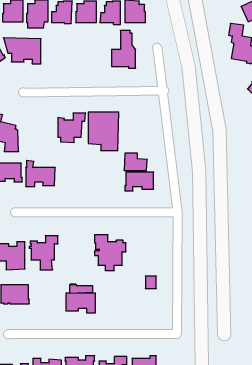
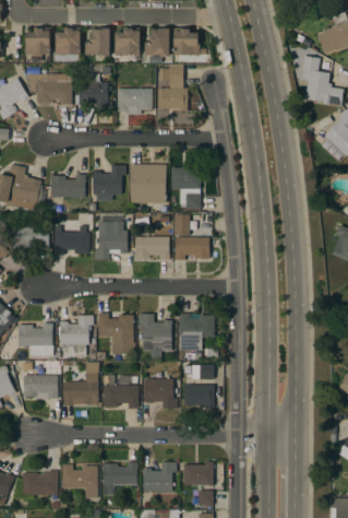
building: none -> [74,82,111,111]
building: none -> [117,89,152,115]
building: none -> [171,167,201,209]
building: none -> [50,175,85,197]
building: none -> [94,213,128,260]
building: none -> [134,236,170,259]
building: none -> [98,313,134,354]
building: none -> [179,314,214,350]
building: none -> [62,363,99,407]
building: none -> [144,379,177,409]
building: none -> [184,385,214,408]

